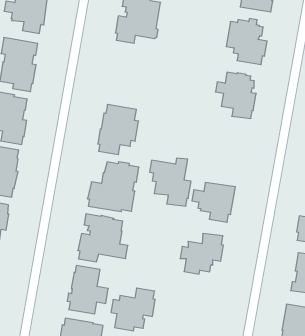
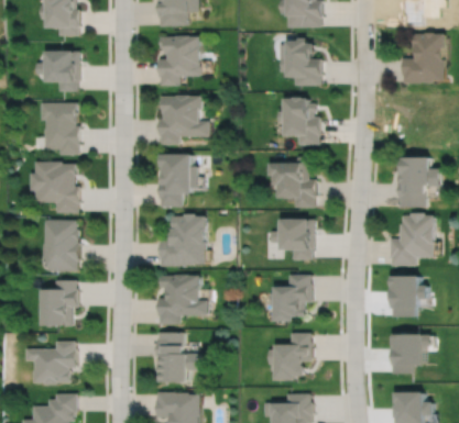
building: none -> [160,96,212,144]
building: [150,158,191,206] -> [270,156,316,208]
building: [111,288,155,331] -> [265,332,310,378]

